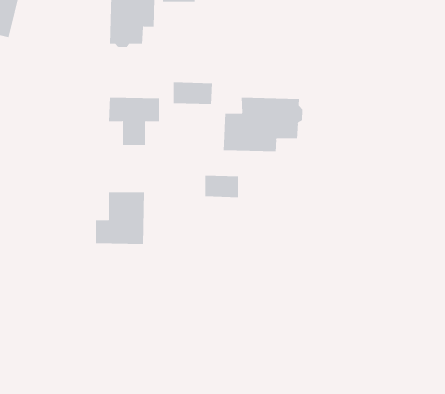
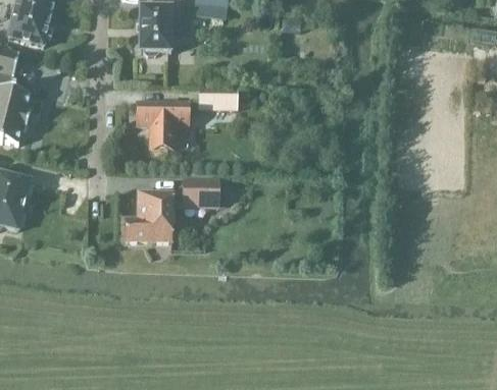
building: [223,97,303,152] -> none
building: [204,175,239,198] -> [185,177,217,199]

